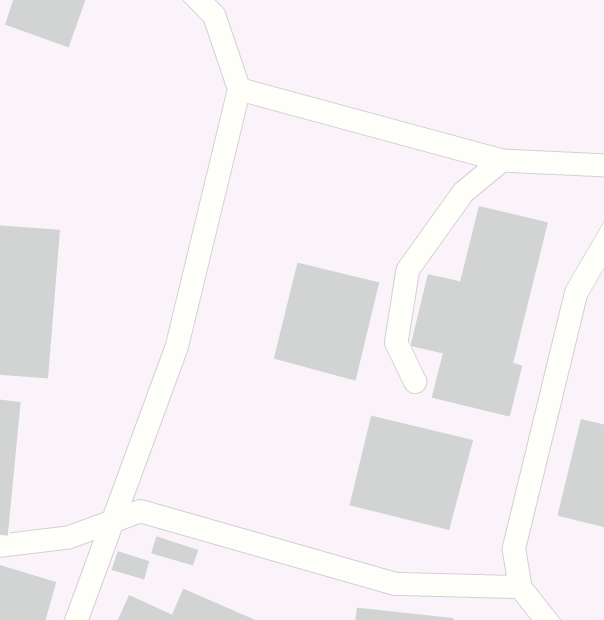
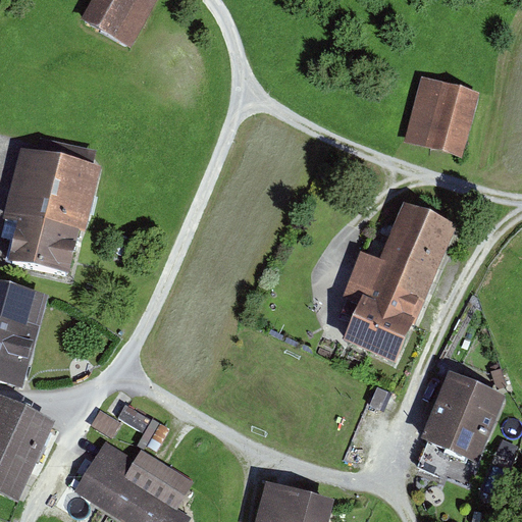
building: none -> [403,77,477,158]
building: [273,262,380,382] -> none
building: [349,415,474,531] -> none

